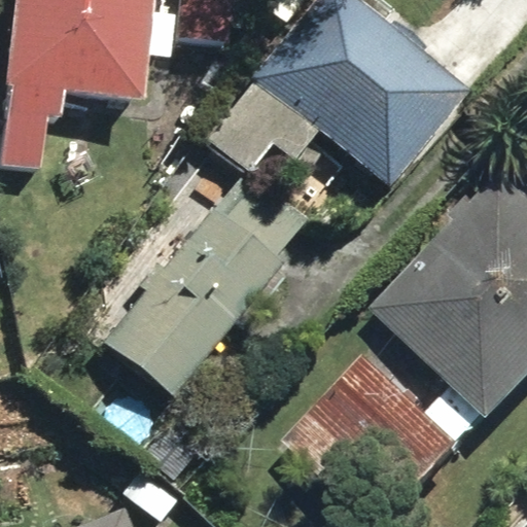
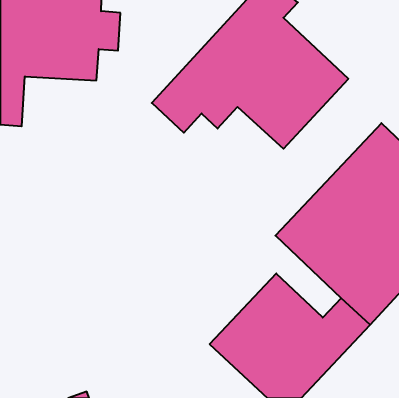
building: [100,170,309,397] -> none

